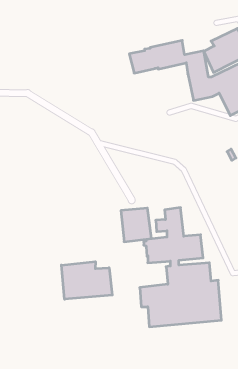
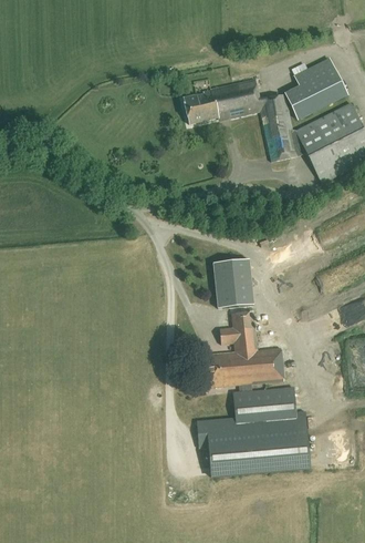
building: [121,208,151,242] -> [212,262,254,308]
building: [61,262,112,299] -> none

